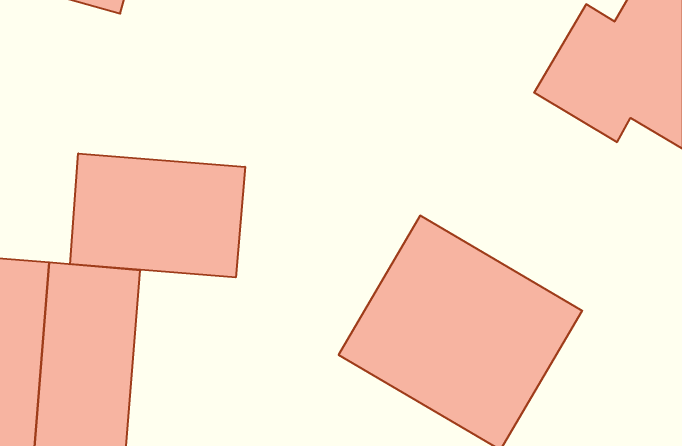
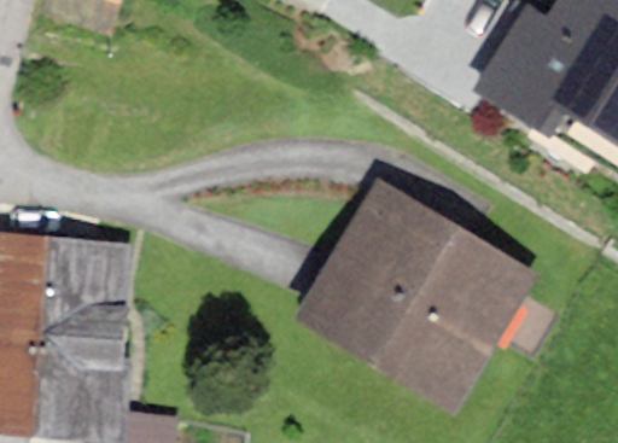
building: [70,153,245,277] -> none

